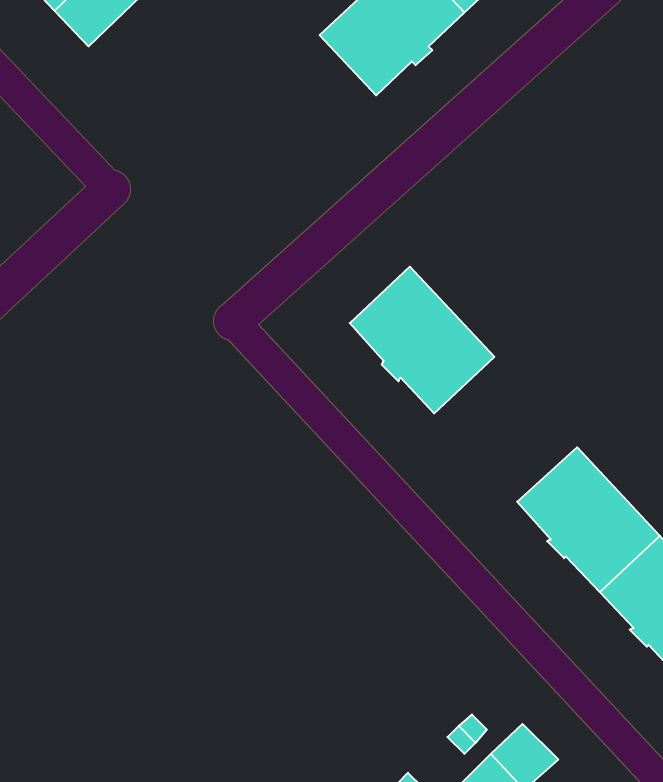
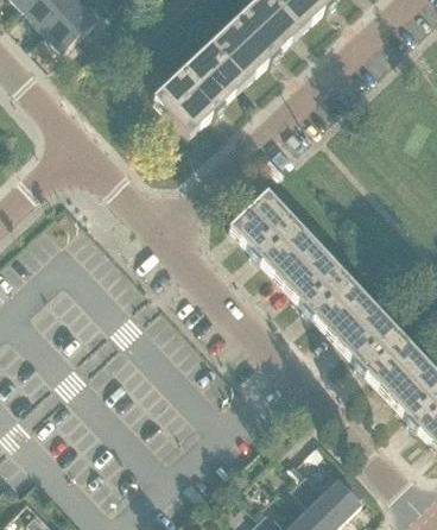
building: none -> [151,43,243,134]
building: none -> [280,246,370,337]

